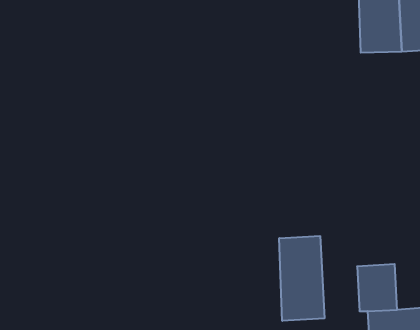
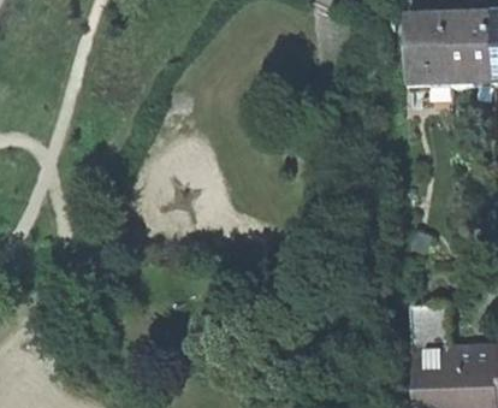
building: [279,236,324,321] -> none

